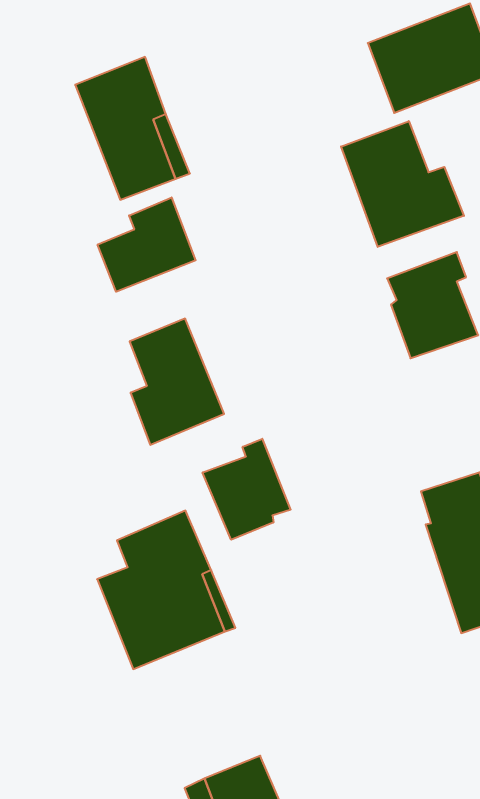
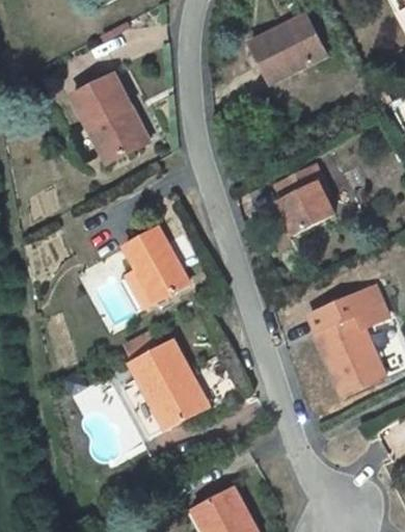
building: [341,121,464,247] -> none
building: [98,197,196,292] -> none
building: [203,439,291,540] -> none

